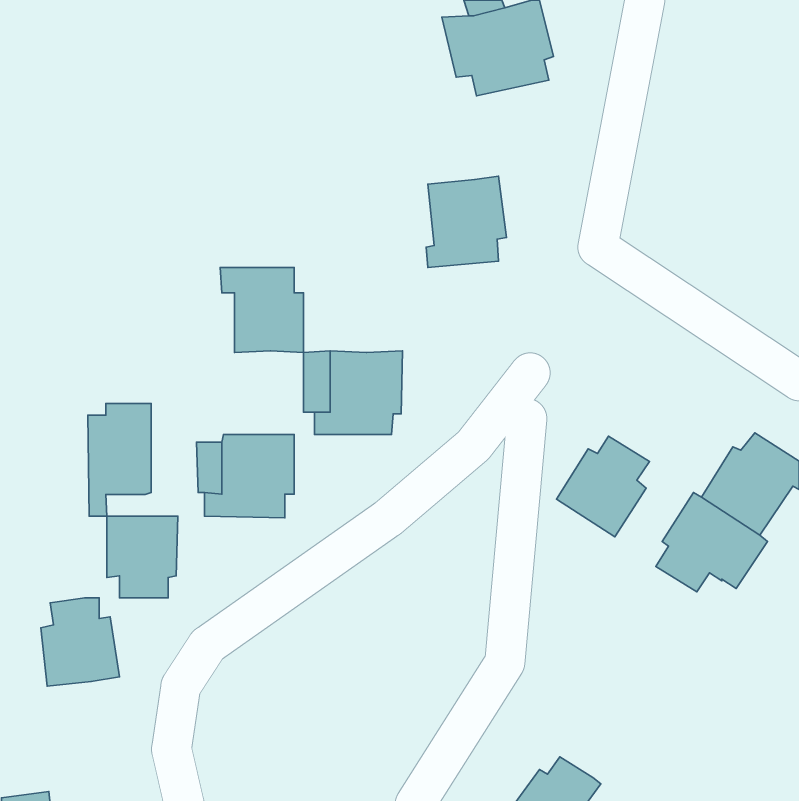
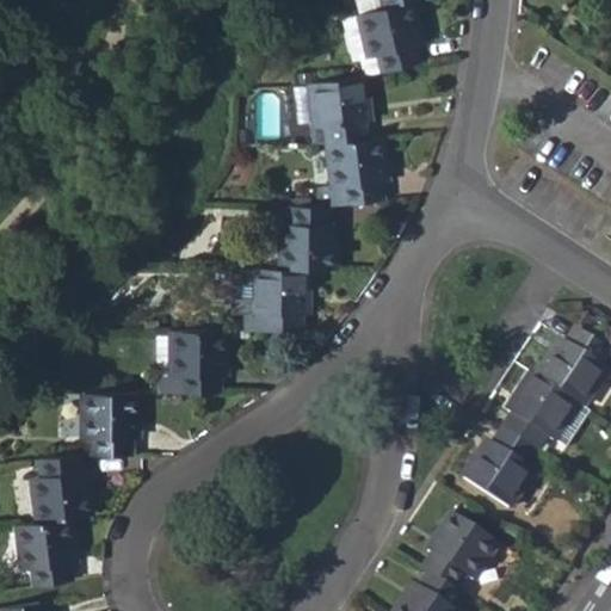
building: none -> [309,75,366,142]
building: [220,268,304,353] -> [267,205,331,270]
building: [88,403,151,516] -> none
building: [557,436,649,537] -> [458,432,529,508]
building: none -> [419,516,492,592]
building: none -> [16,519,74,586]

